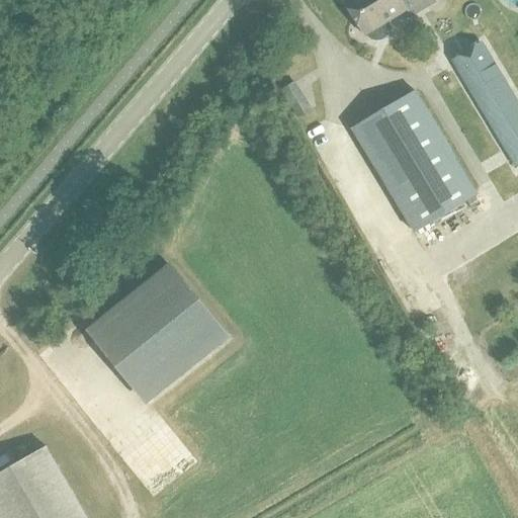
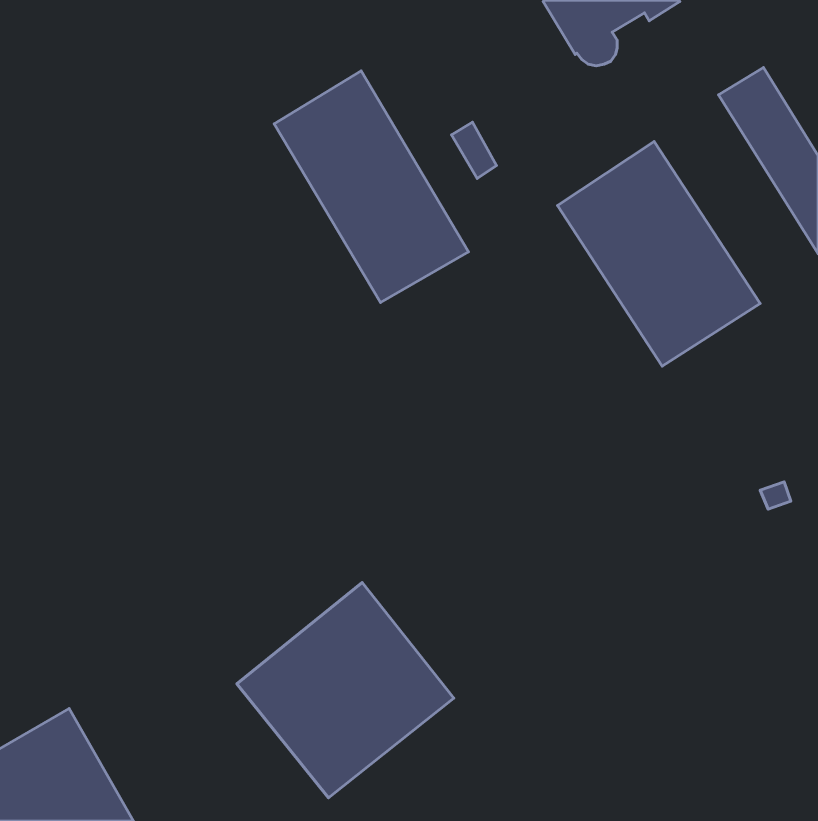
building: none -> [274,71,469,303]
building: [89,266,226,402] -> [237,582,454,798]

